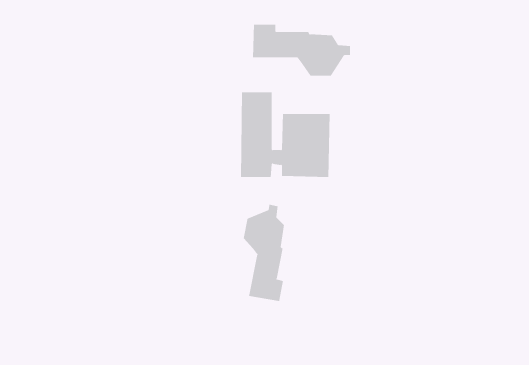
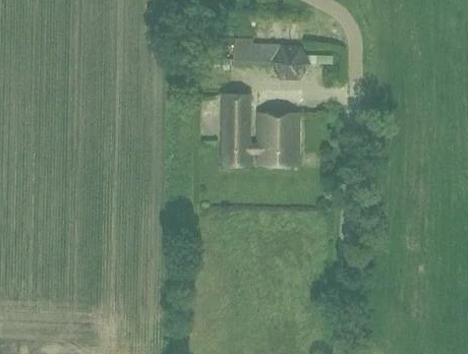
building: [243,204,284,302] -> none

